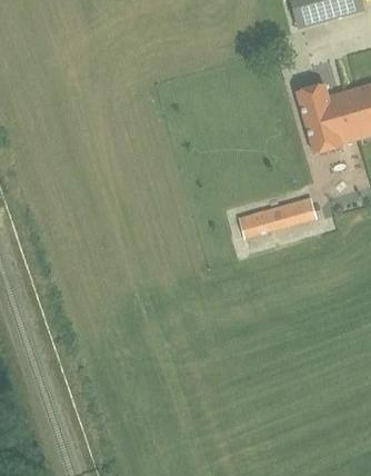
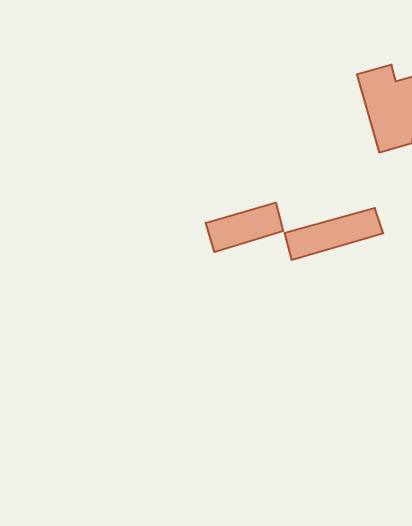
building: none -> [206,203,283,252]

